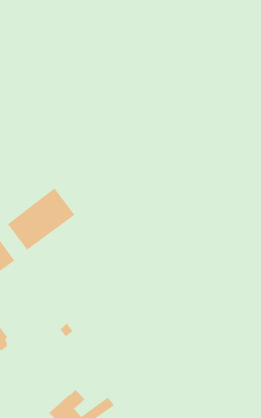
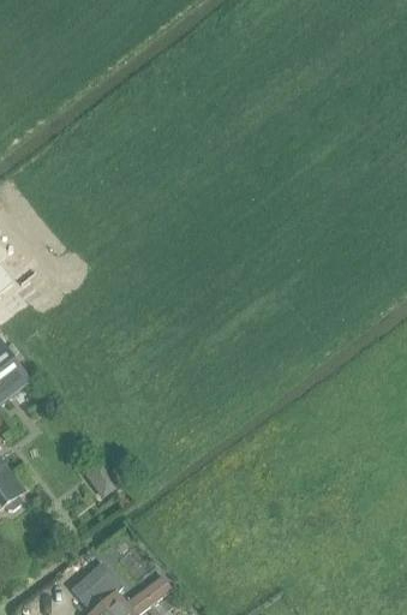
building: [7,188,75,251] -> none

